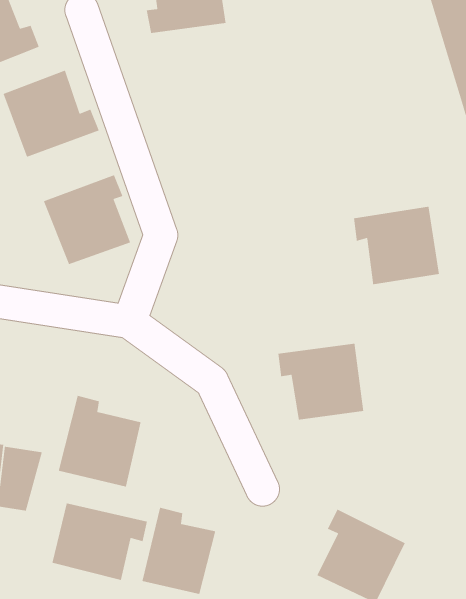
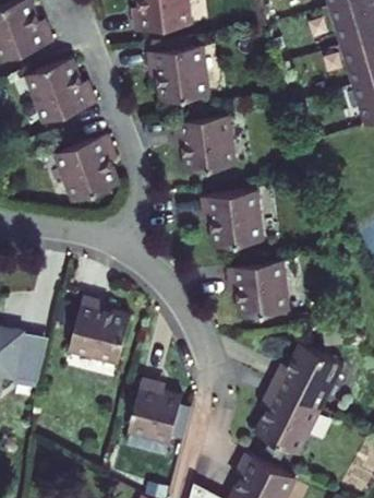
building: none -> [144,46,207,103]
building: none -> [171,116,234,173]
building: [353,206,440,285] -> [200,190,263,248]
building: none -> [269,340,342,406]
building: [51,502,148,581] -> none

